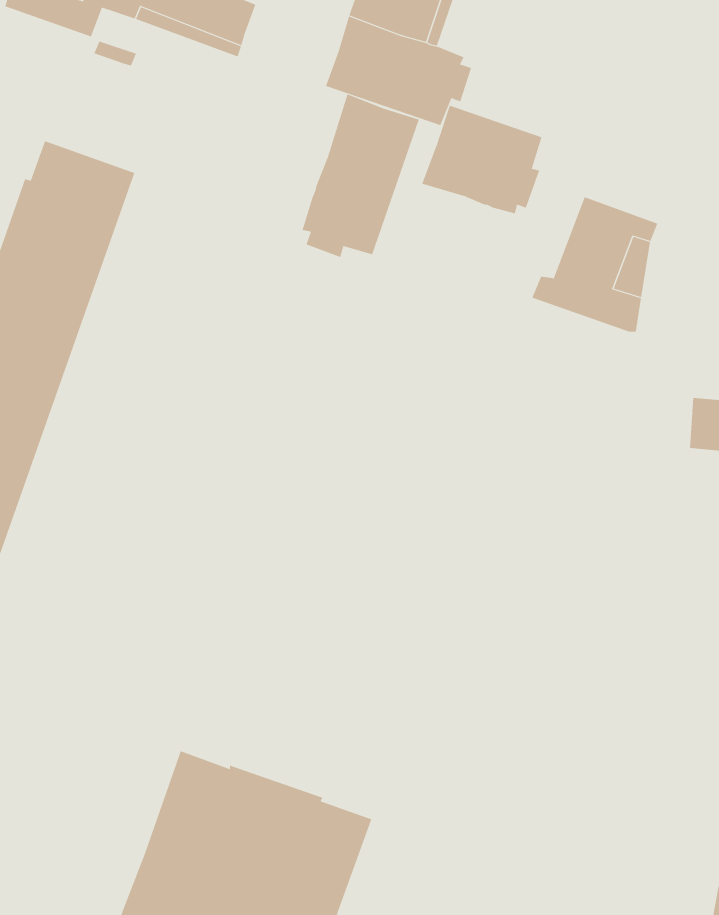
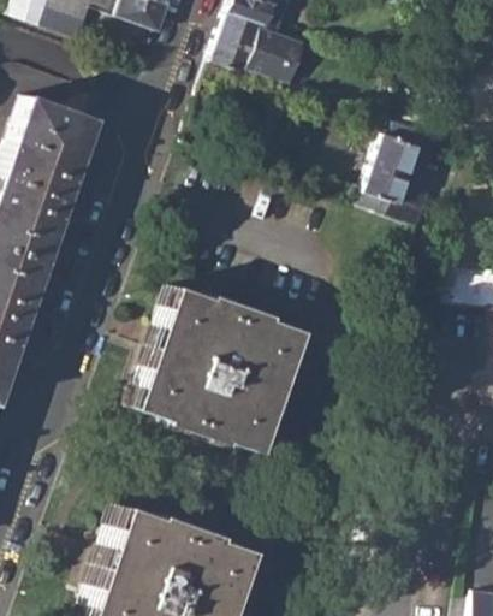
building: [302,94,419,258] -> none
building: [422,105,542,214] -> none
building: none -> [137,285,307,451]

